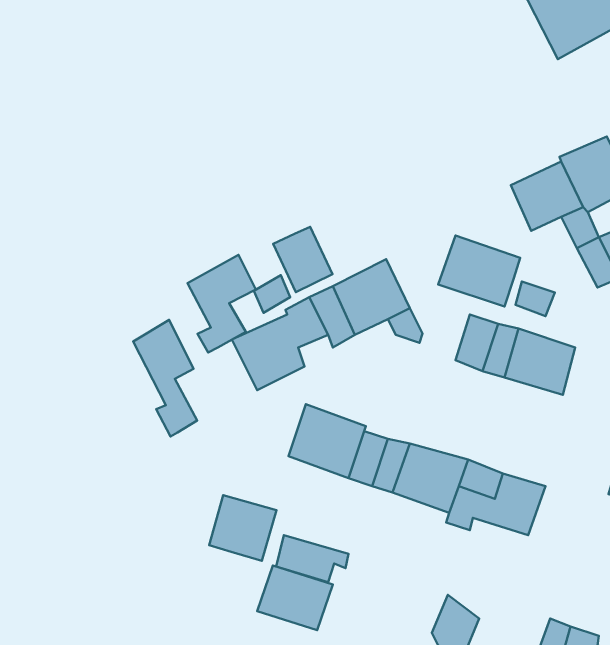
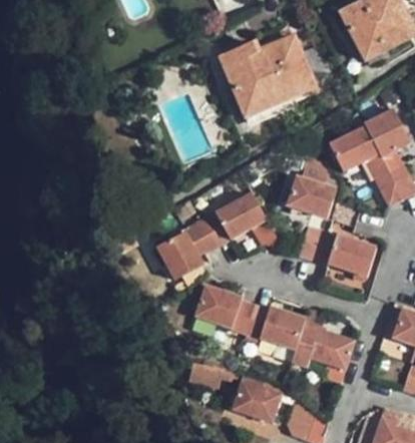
building: none -> [219,37,314,119]
building: [273,227,332,292] -> none
building: [187,255,256,353] -> none
building: [133,320,197,436] -> none
building: [209,495,277,561] -> none
building: [257,566,333,630] -> [234,380,282,421]

